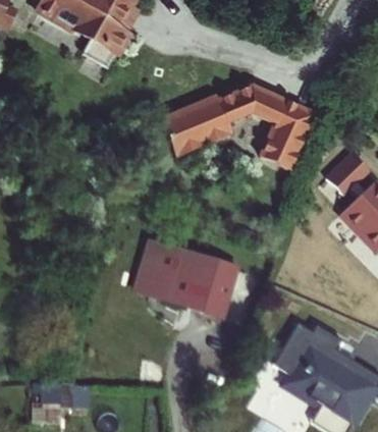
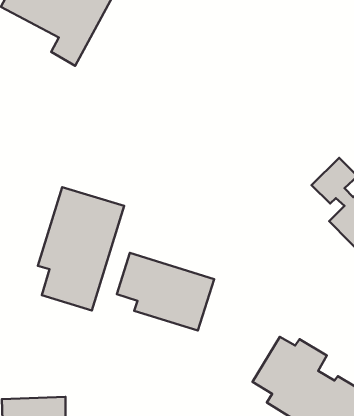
building: [173,79,320,164] -> none
building: none -> [38,187,124,310]

